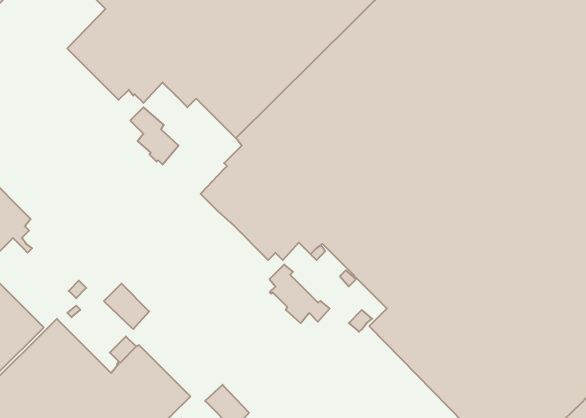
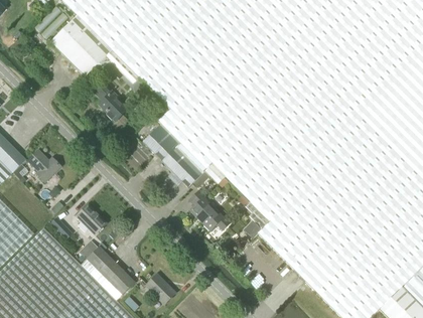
building: none -> [28,150,60,182]

